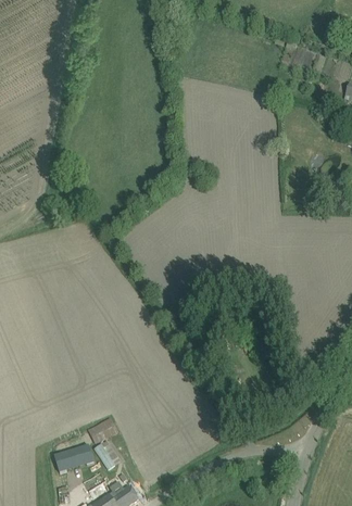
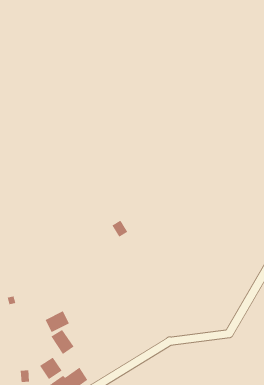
building: [52,445,92,472] -> none

